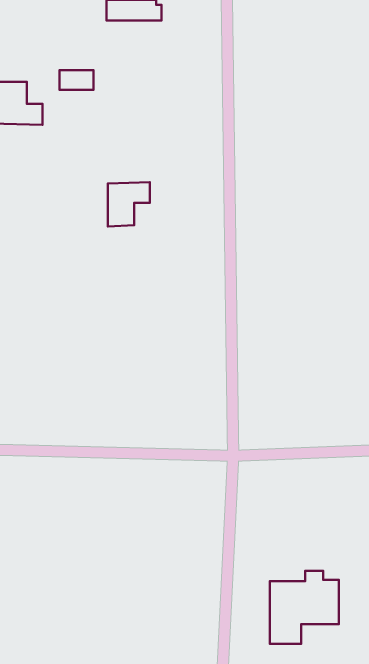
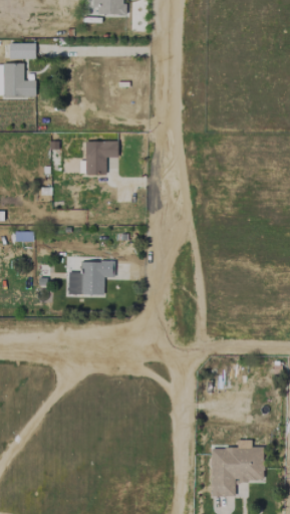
building: [60,70,94,90] -> [10,43,36,58]
building: none -> [81,261,113,295]

